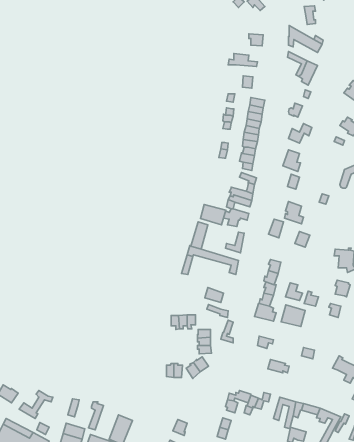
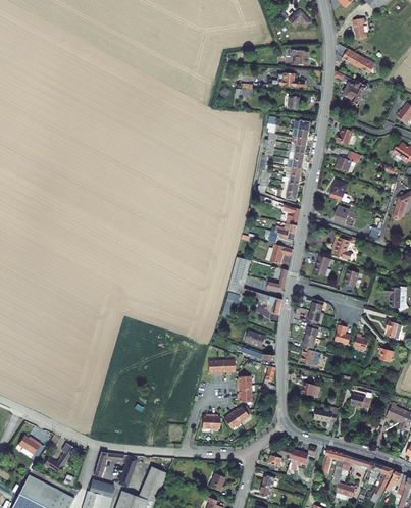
building: [200,204,226,225] -> none
building: [281,305,305,327] -> none

